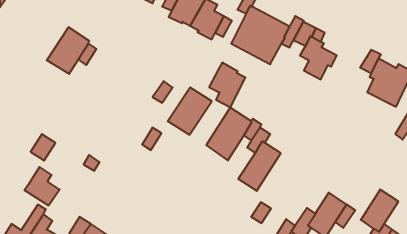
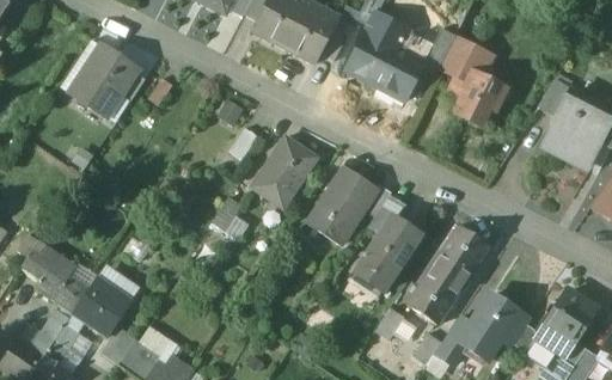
building: [209,62,245,108] -> none
building: [31,134,55,161] -> [23,240,60,280]
building: none -> [409,225,488,321]
building: none -> [73,276,133,336]

